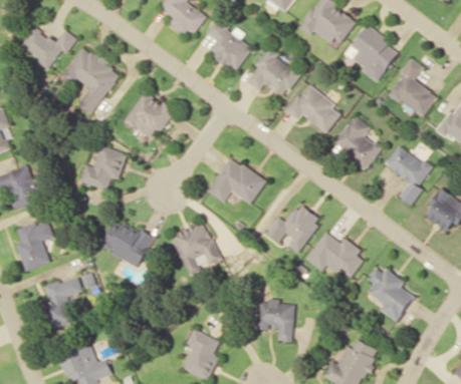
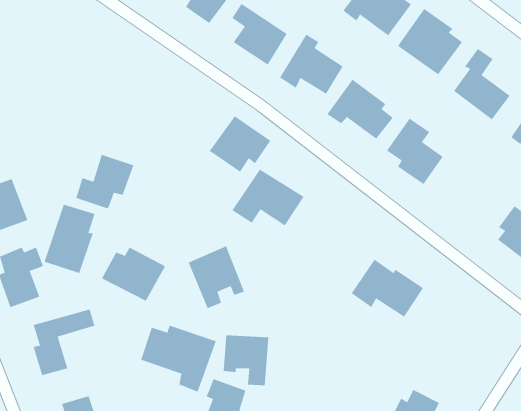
building: [20,27,76,66] -> none
building: [62,46,121,114] -> none
building: [124,91,175,138] -> [209,115,271,173]
building: [384,144,431,206] -> none
building: none -> [44,204,95,274]
building: [265,204,321,253] -> none
building: [366,268,413,322] -> none
building: none -> [141,325,217,393]
building: [257,300,295,342] -> [223,335,269,386]

